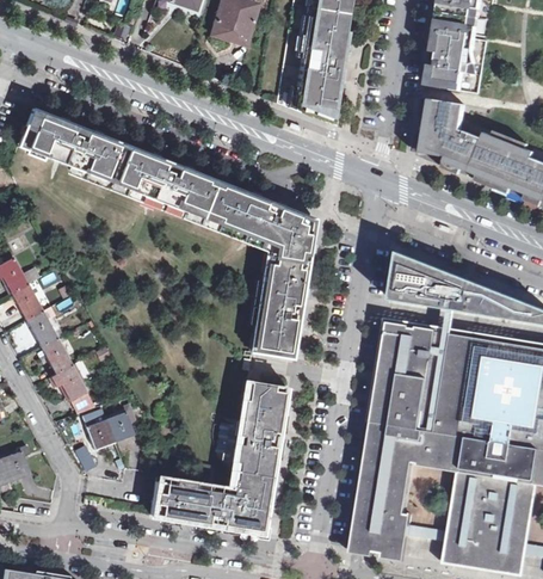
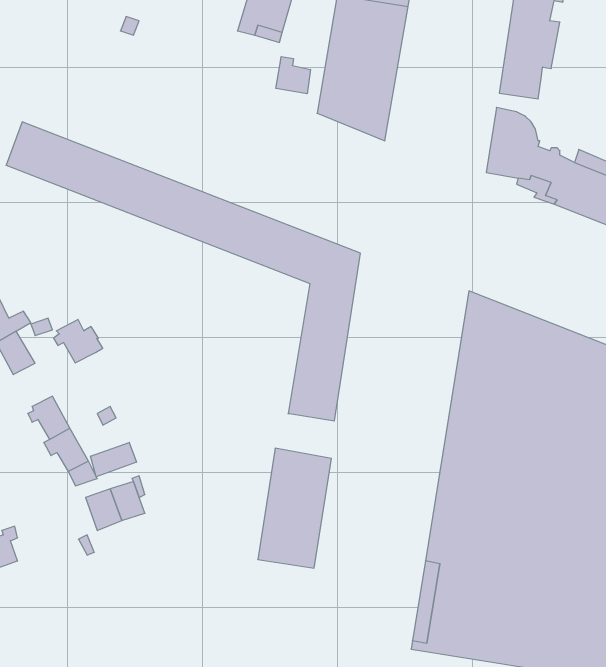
building: none -> [276,57,310,94]
building: [23,309,63,345] -> [54,319,103,363]
building: none -> [91,442,136,477]
building: [149,472,273,532] -> none

